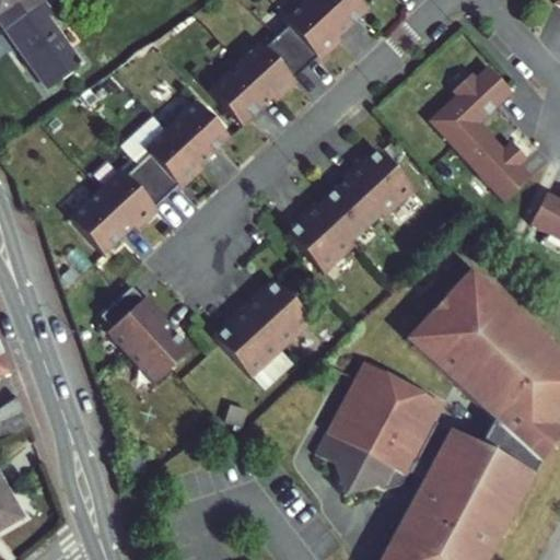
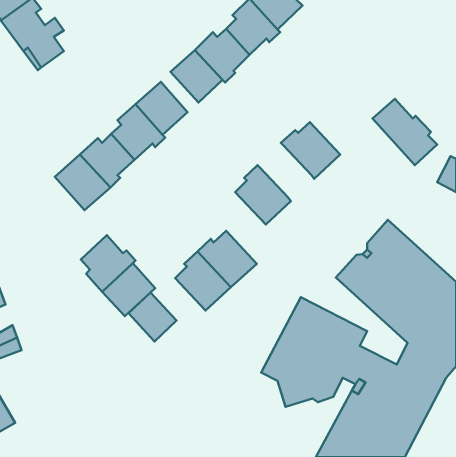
building: [430,63,514,144] -> none
building: [317,177,380,241] -> none
building: none -> [128,293,176,342]

